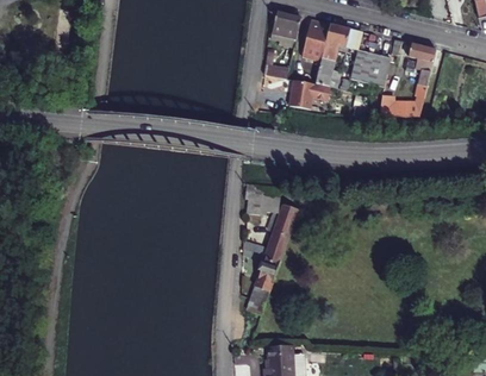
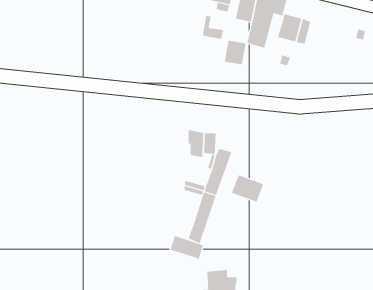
building: [380,43,436,115] -> none
building: none -> [231,175,264,202]
building: none -> [170,235,204,260]

